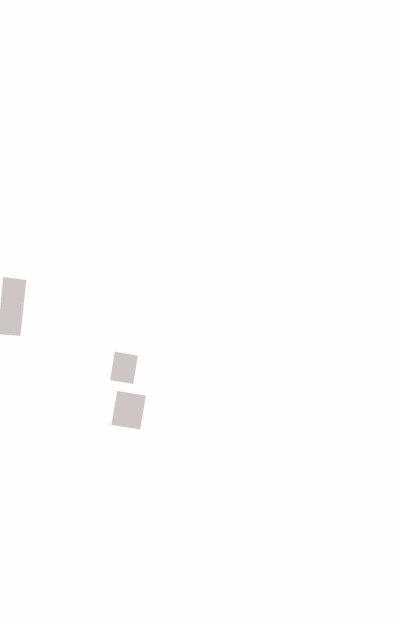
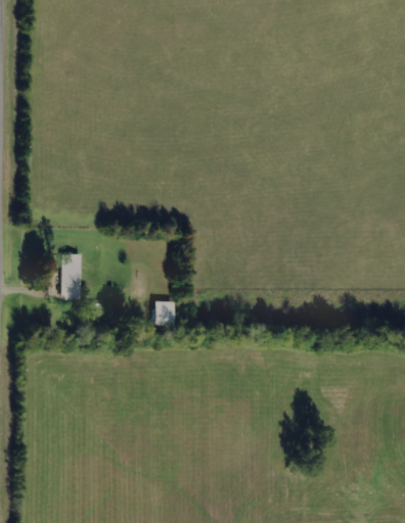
building: [111,390,147,430] -> none

